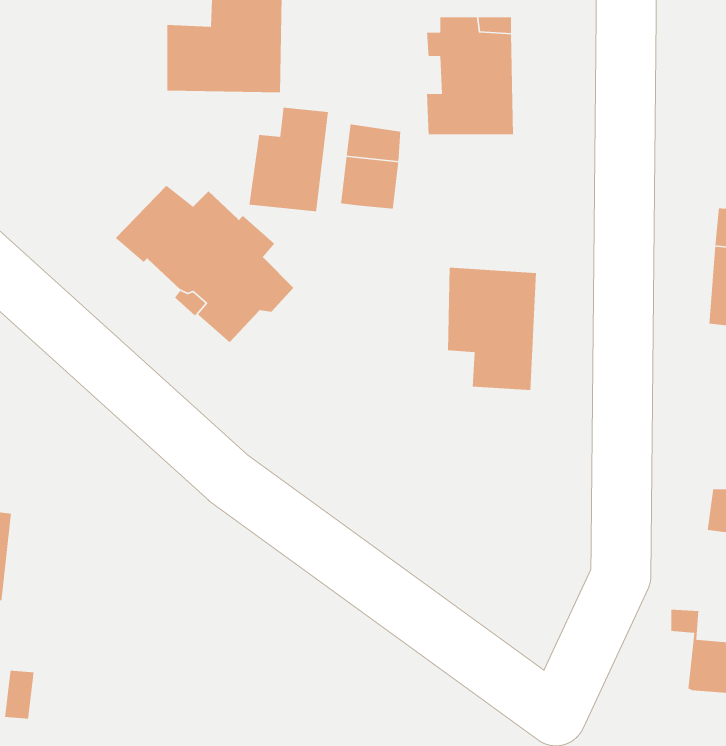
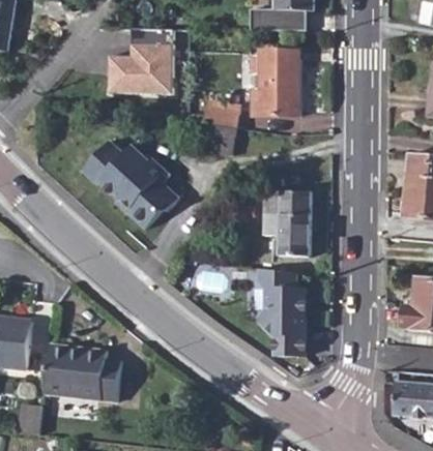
building: [248,107,329,212] -> none
building: none -> [255,267,302,353]
building: none -> [39,347,116,400]

